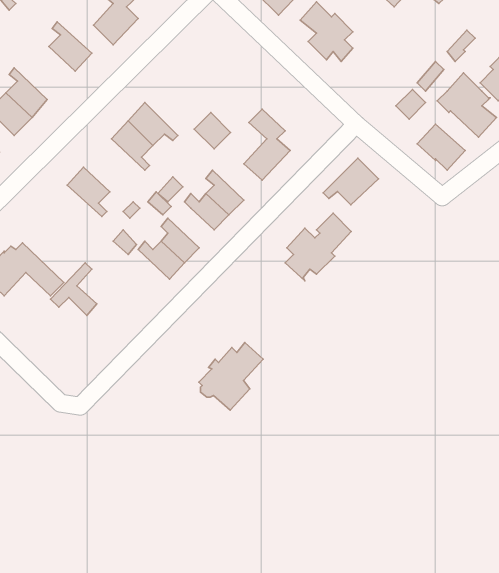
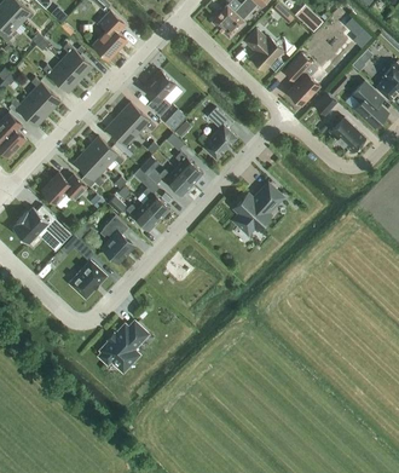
building: none -> [284,53,319,105]
building: none -> [42,60,80,92]
building: none -> [144,70,175,116]
building: none -> [86,137,123,167]
building: [323,158,379,205] -> none
building: none -> [41,172,86,203]
building: none -> [102,214,133,261]
building: none -> [70,261,105,296]
building: [199,343,263,410] -> [100,321,148,370]

